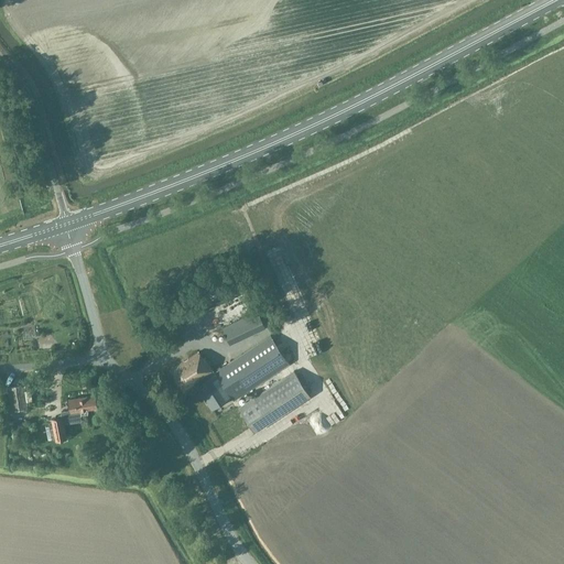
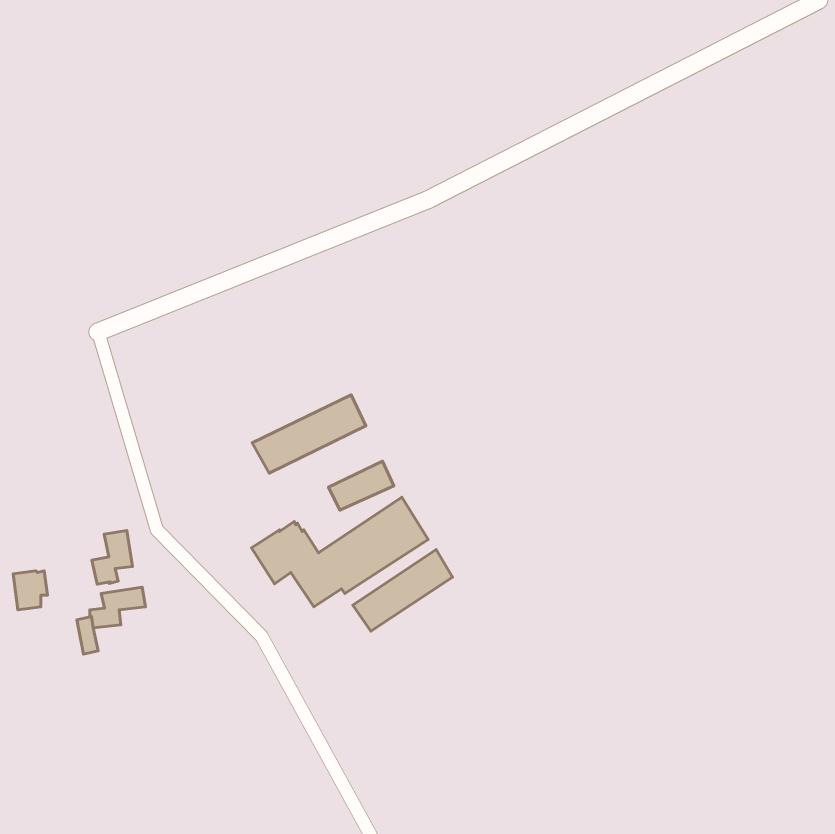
building: none -> [252,395,366,473]
building: none -> [92,531,133,584]

